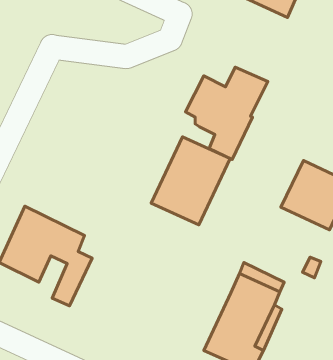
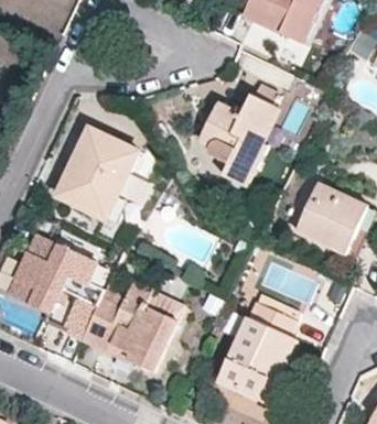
building: [151,137,230,225] -> [58,128,139,217]
building: none -> [82,281,176,370]

